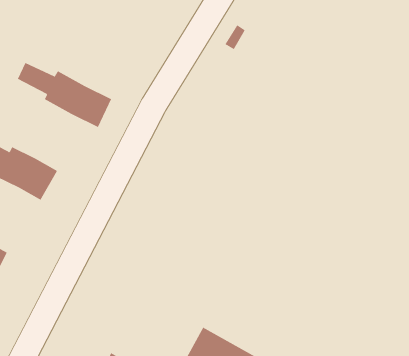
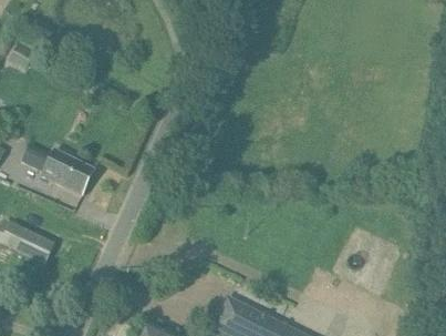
building: [17,62,112,128] -> none

